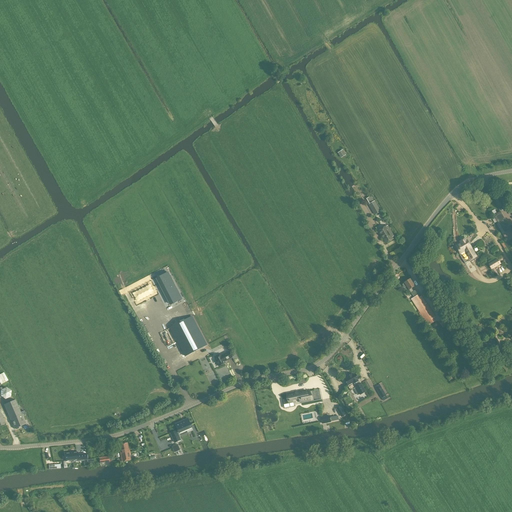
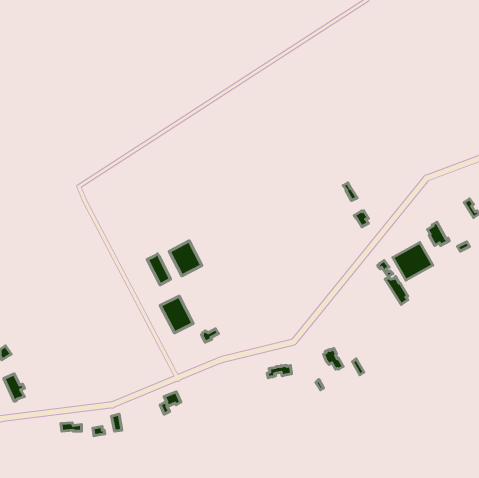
building: none -> [169,241,202,276]
building: none -> [393,242,433,280]

